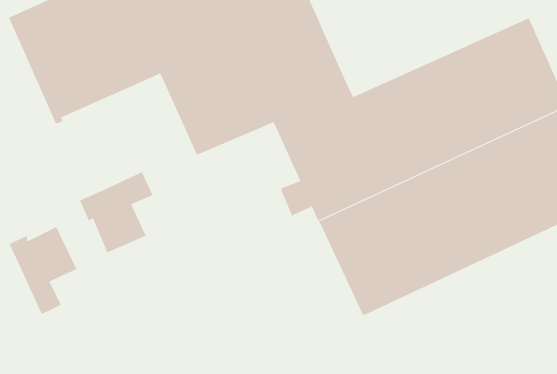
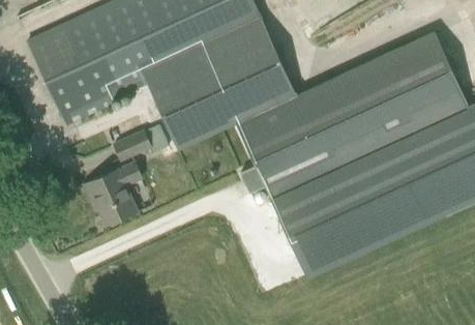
building: none -> [114,129,151,159]
building: [9,226,77,315] -> none

